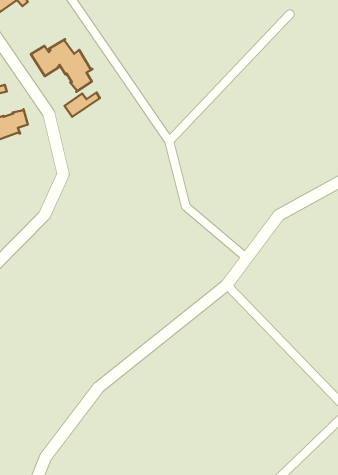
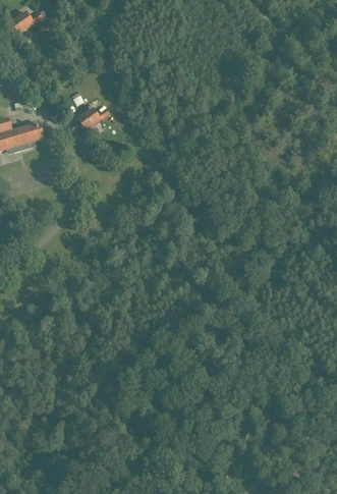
building: [31,39,92,92] -> none

